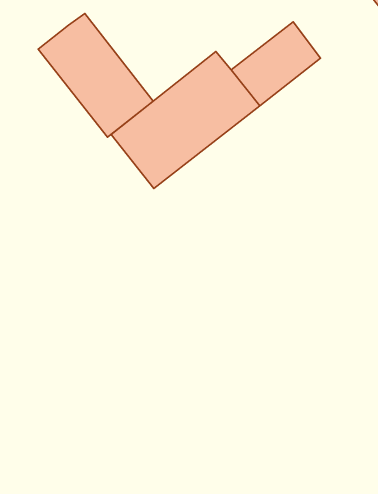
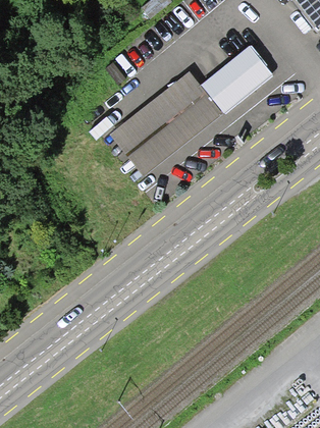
building: [38,14,153,137] -> none

